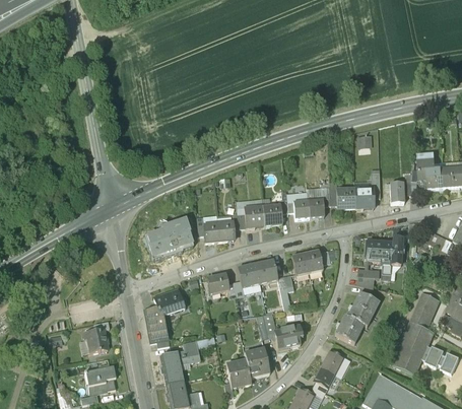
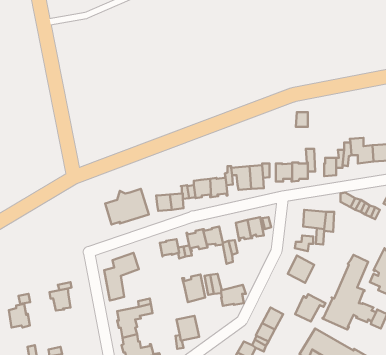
building: [335,312,369,342] -> [295,294,325,322]
building: [244,346,269,377] -> [182,275,205,302]
building: [91,363,115,390] -> [9,304,30,327]

